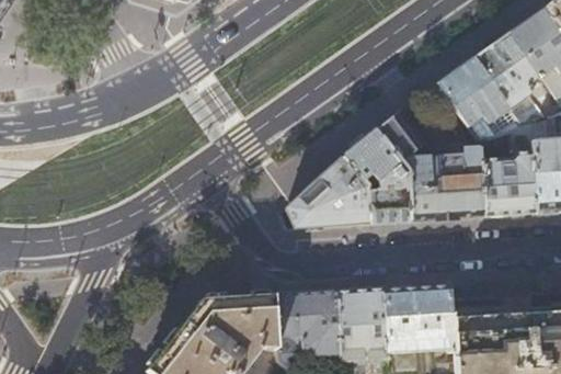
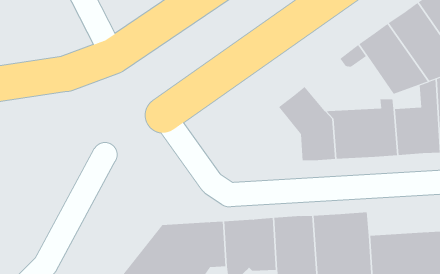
building: [374,112,425,162] -> none
building: [287,158,370,228] -> none

